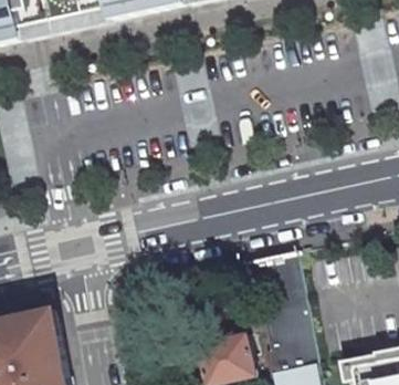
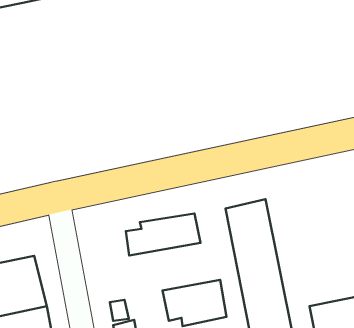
building: none -> [126,213,200,256]

